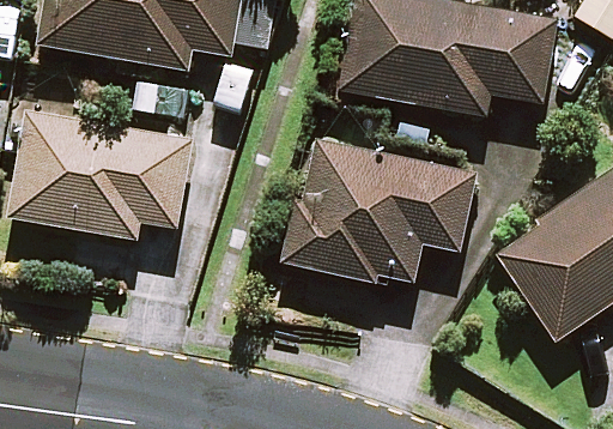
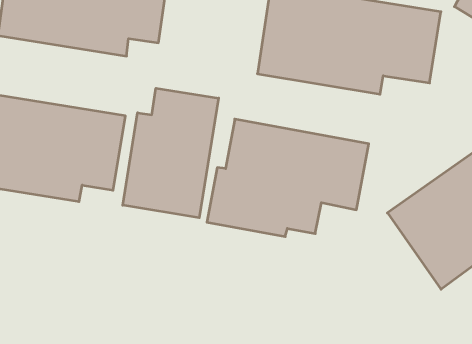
building: none -> [123,88,219,218]

